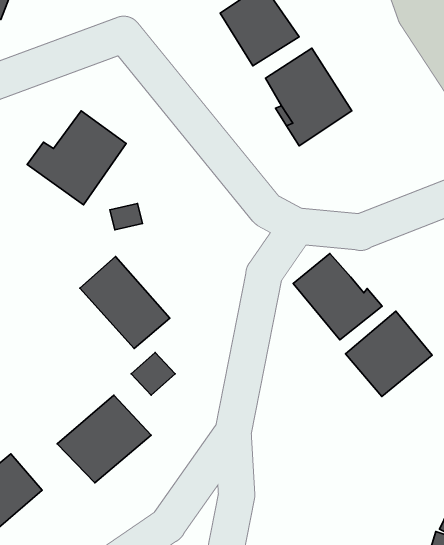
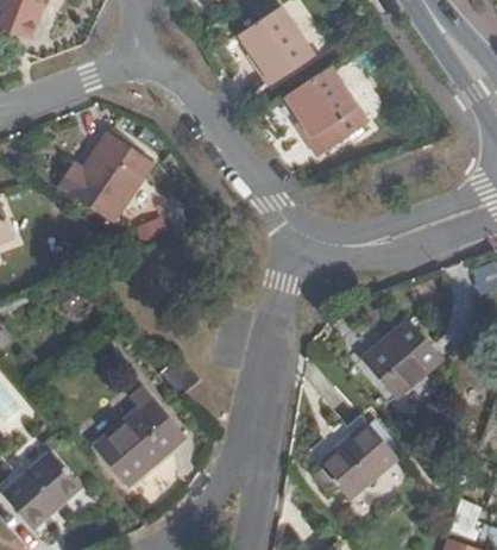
building: [293,254,382,340] -> none
building: [80,257,170,349] -> none
building: none -> [308,421,389,500]

